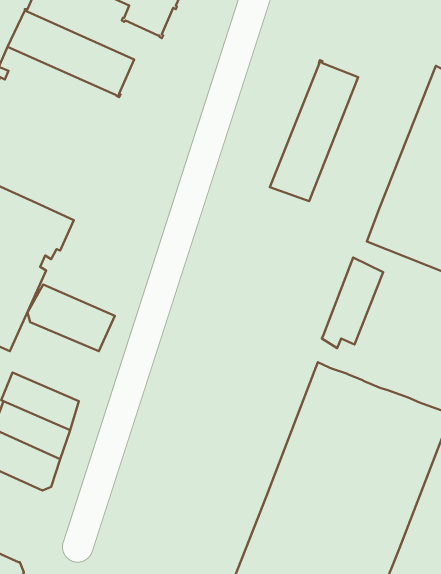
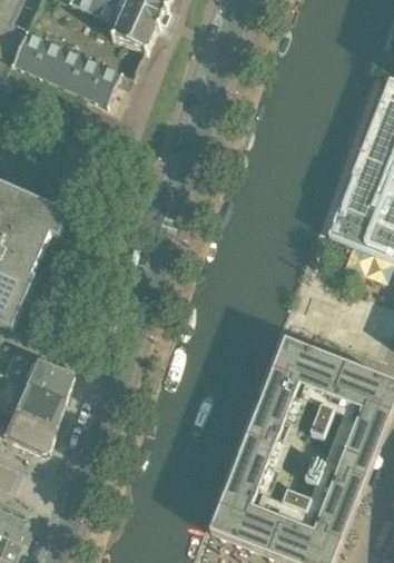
building: [270,60,358,201] -> none
building: [322,258,383,348] -> none
building: [27,284,115,351] -> none

